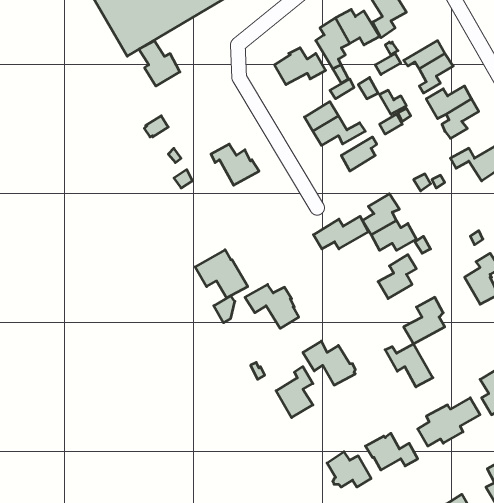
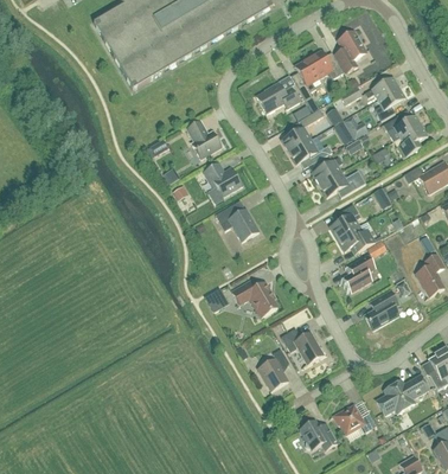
building: [139,41,180,86] -> [186,120,220,158]
building: [313,216,369,249] -> [319,168,365,196]
building: [195,250,248,298] -> [215,199,258,239]
building: [385,344,433,387] -> none

